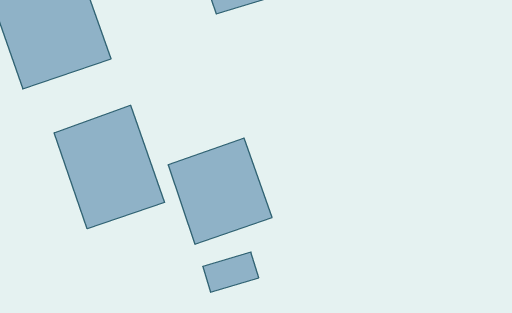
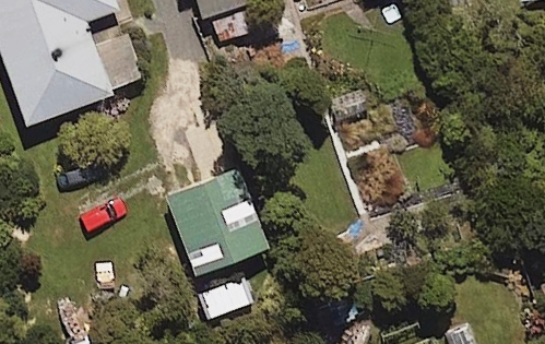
building: [54,105,164,229] -> none

